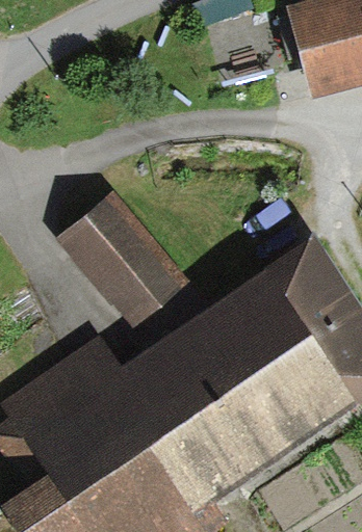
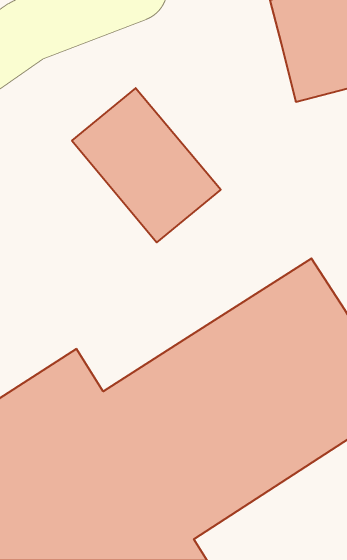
building: [55,191,193,335] -> [72,88,221,242]

